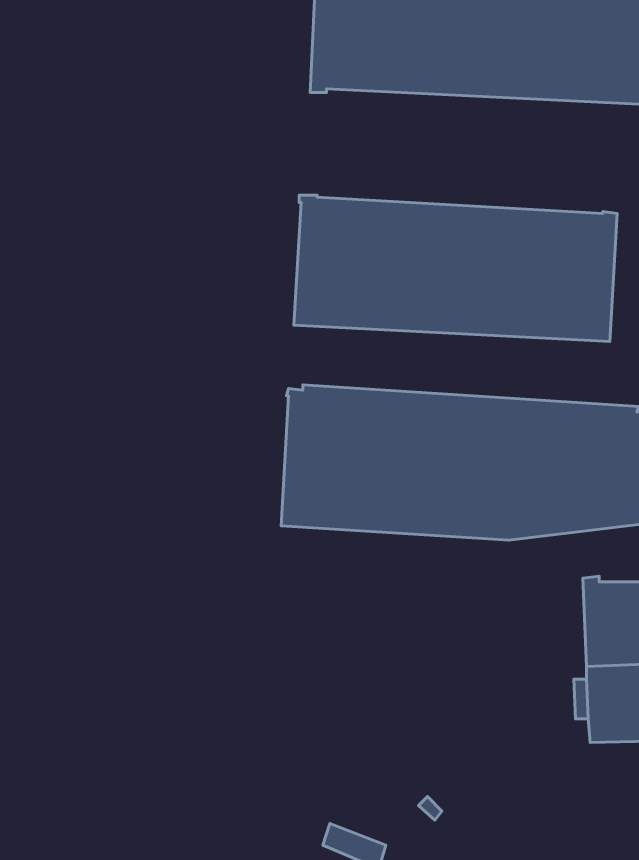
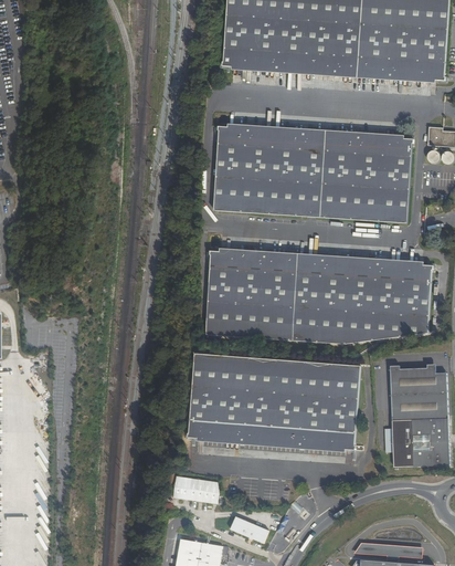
building: none -> [188,353,361,452]
building: none -> [172,476,219,504]

